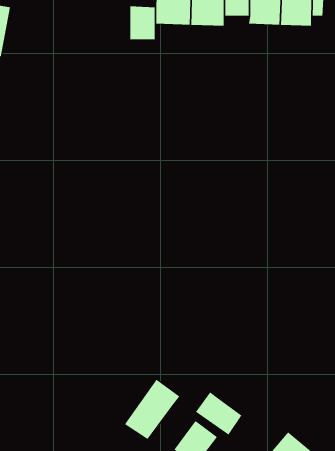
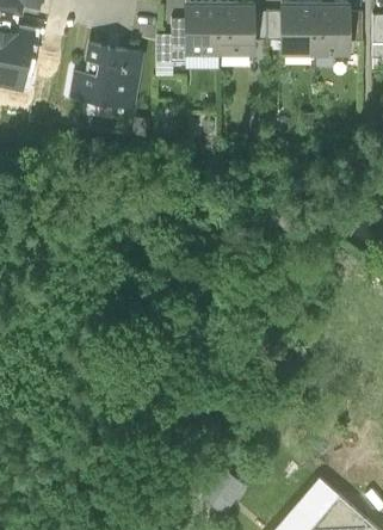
building: none -> [72,43,143,106]
building: [124,379,180,440] -> none
building: [195,392,242,436] -> none

